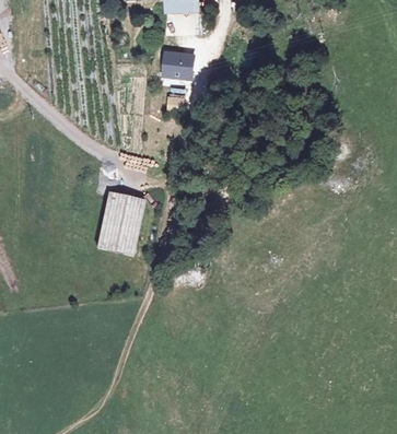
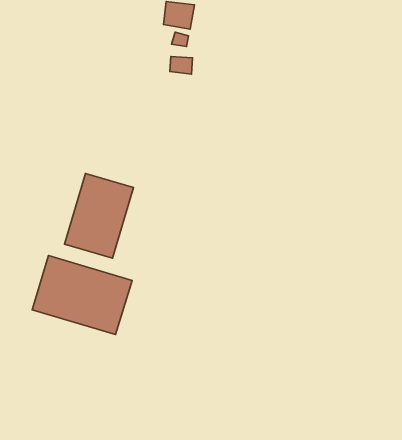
building: none -> [32,255,132,335]

